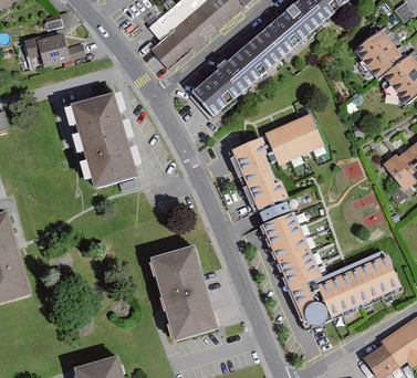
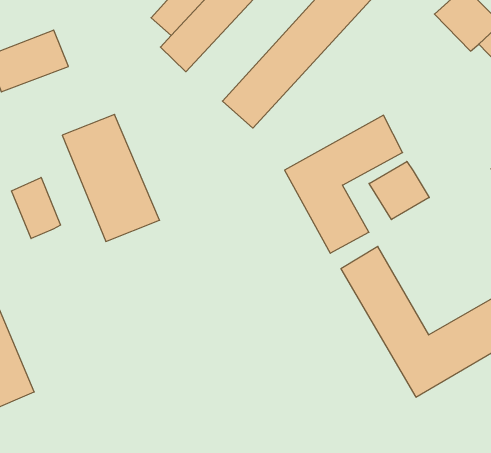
building: none -> [12,177,61,239]
building: none -> [369,161,429,220]
building: [153,248,217,339] -> none

